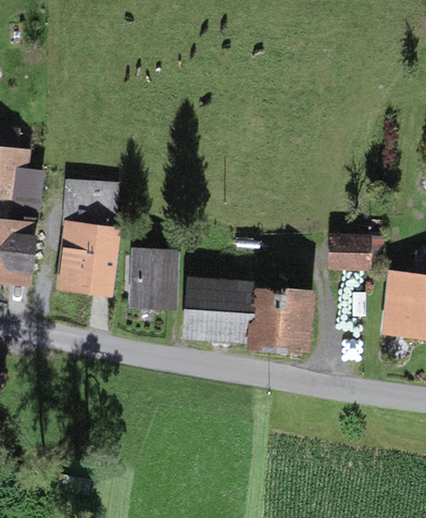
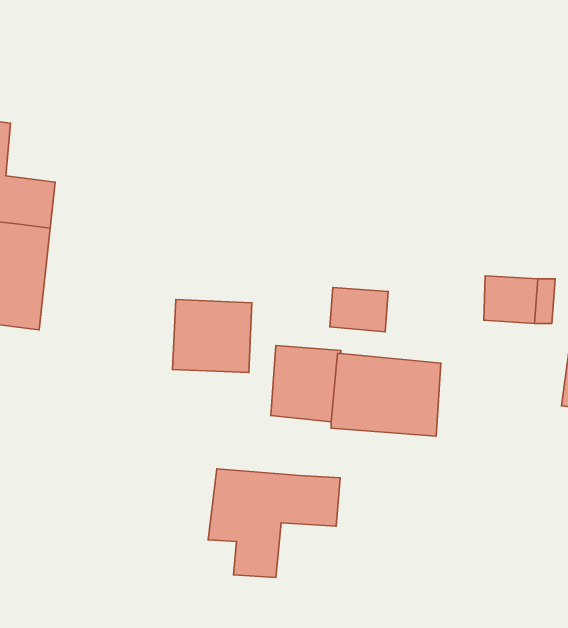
building: [60,188,117,292] -> none
building: none -> [330,288,388,332]
building: none -> [208,469,340,578]

